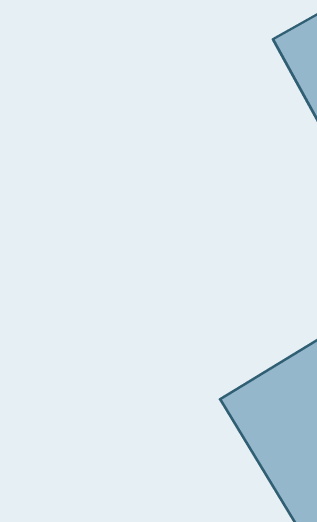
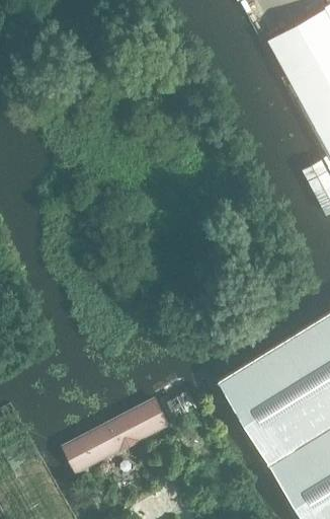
building: none -> [62,403,164,472]

